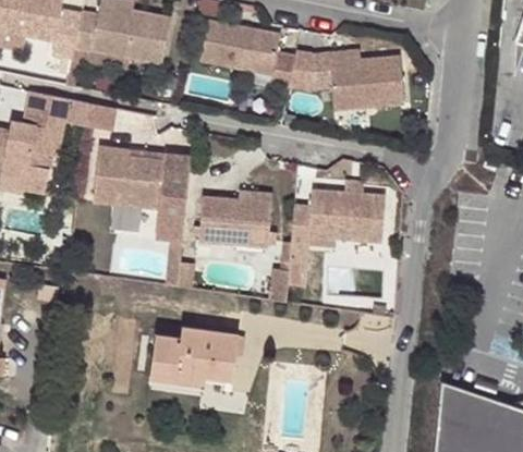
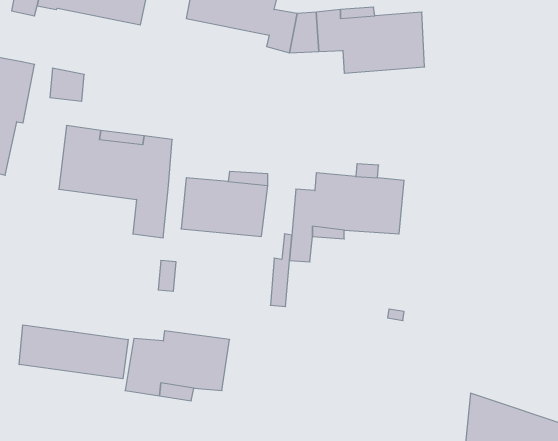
building: none -> [19,325,128,379]

